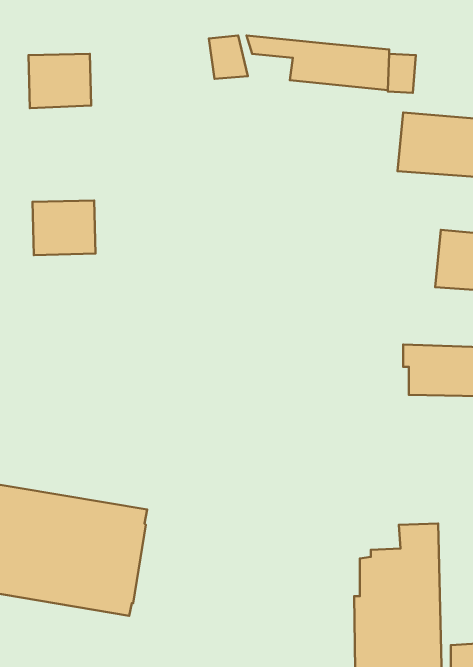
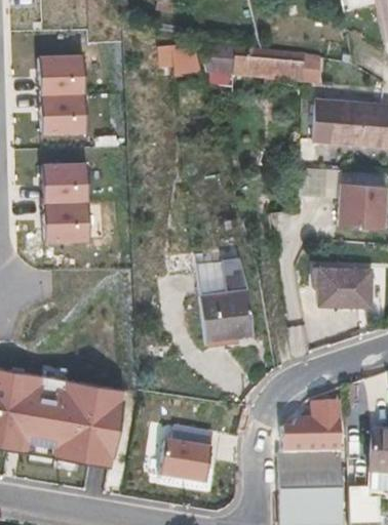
building: none -> [40,93,86,133]
building: none -> [43,202,89,239]
building: none -> [196,257,255,345]
building: none -> [161,428,215,484]

